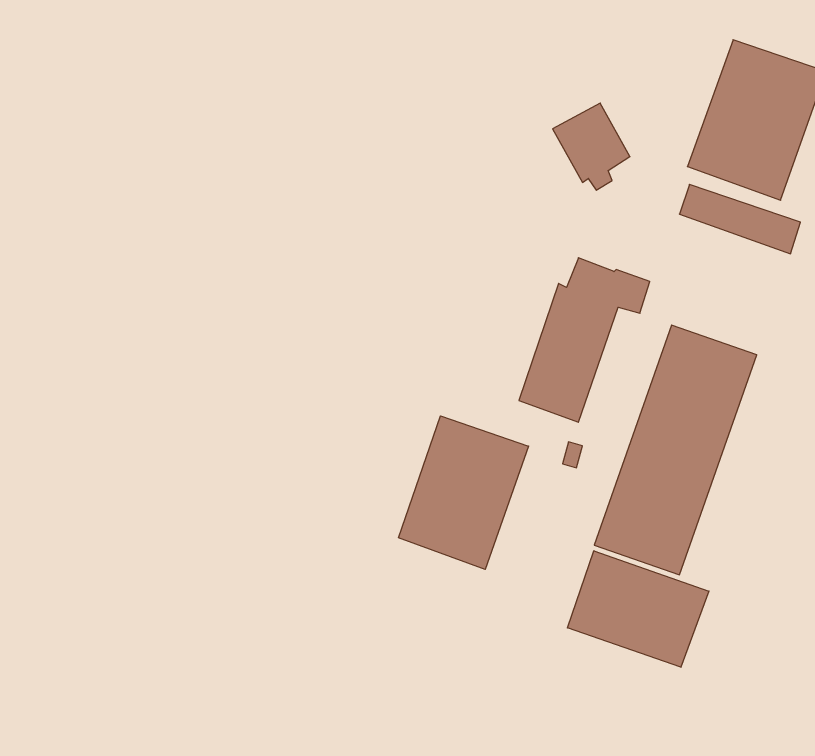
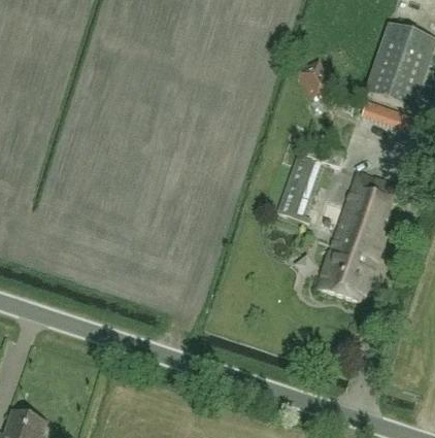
building: [398,416,529,569] -> none
building: [567,551,709,667] -> none

